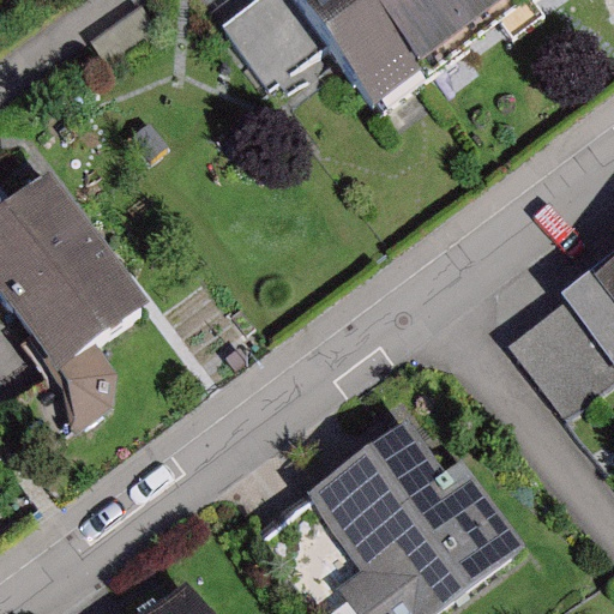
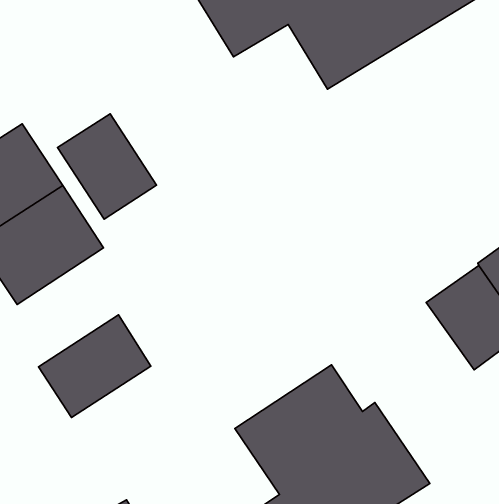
building: none -> [57,114,156,219]
building: none -> [39,315,151,418]

